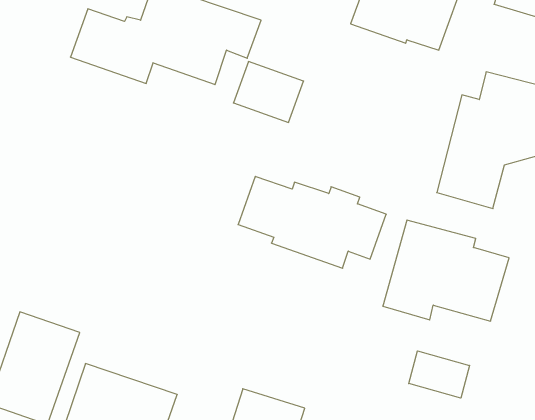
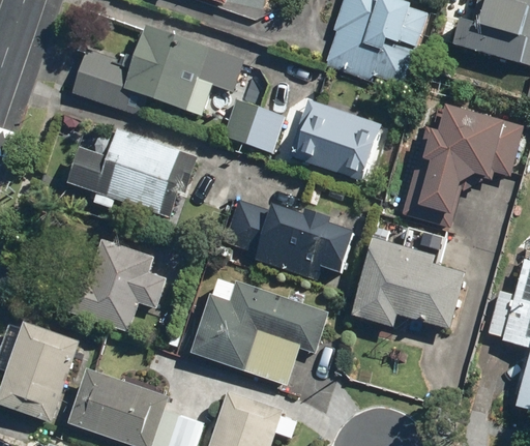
building: none -> [286,98,378,182]
building: none -> [67,127,197,216]
building: none -> [62,239,164,331]
building: none -> [188,277,328,386]
building: [409,351,470,398] -> none

